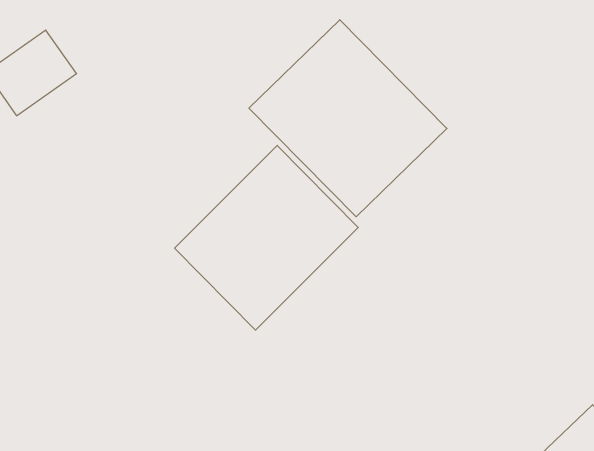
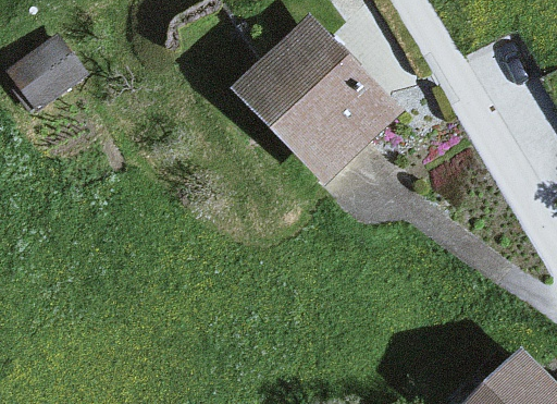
building: [175,145,358,330] -> none

